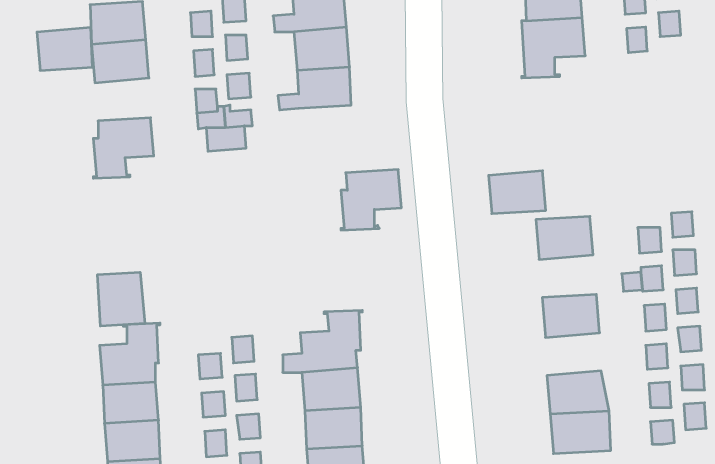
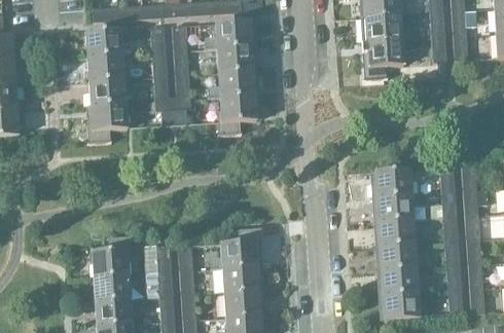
building: [37,27,93,70] -> [88,78,124,106]
building: [341,170,401,230] -> [217,96,256,135]
building: [489,171,546,214] -> [375,192,412,220]
building: [98,272,145,326] -> none
building: none -> [380,243,416,270]

